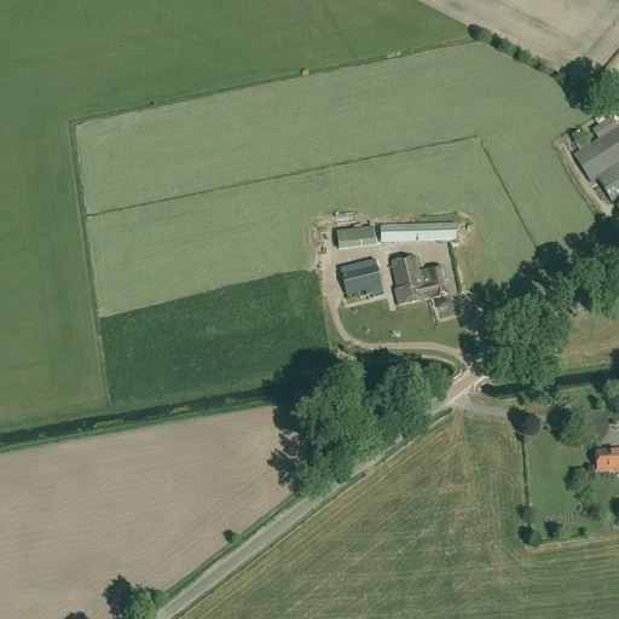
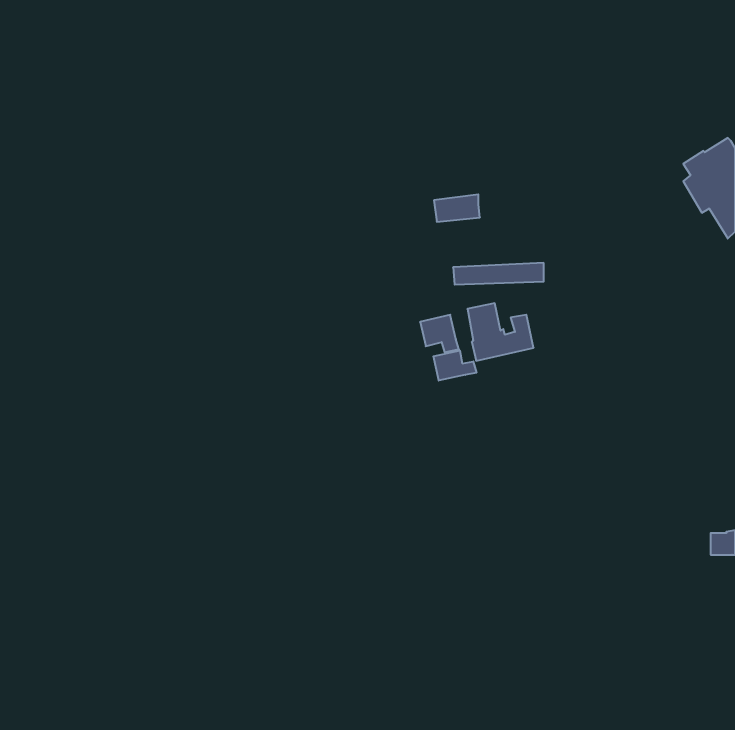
building: [337,224,376,247] -> [434,194,480,222]
building: none -> [433,351,476,381]

